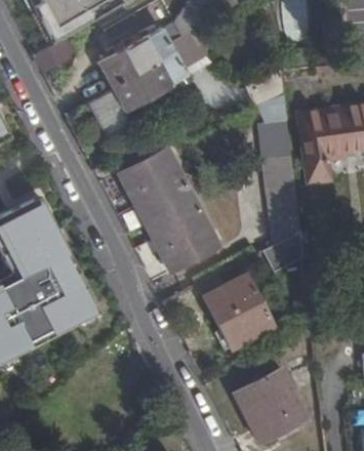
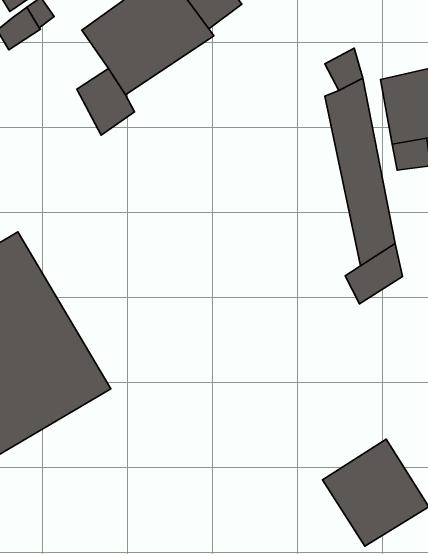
building: [121,145,223,269] -> none
building: [205,274,273,348] -> none

